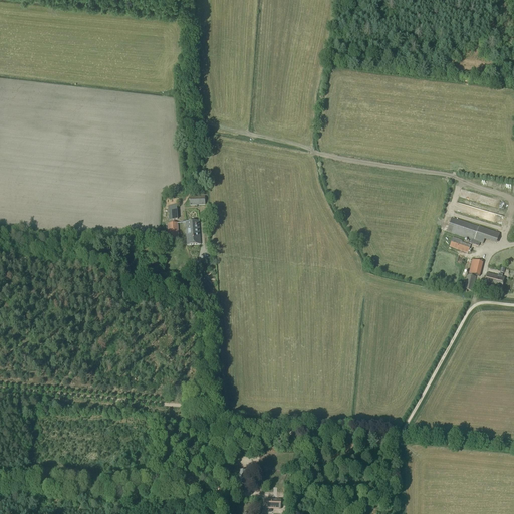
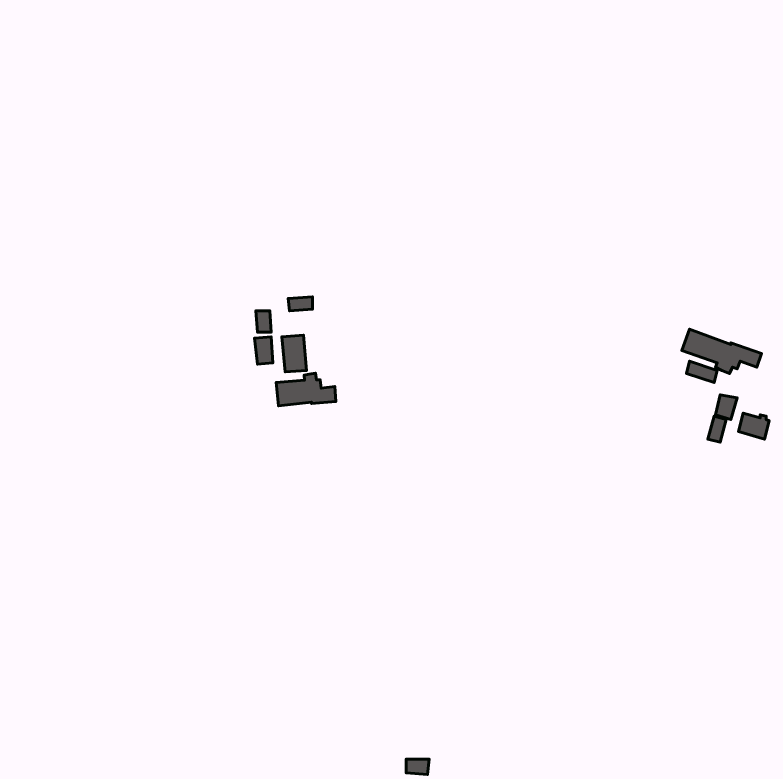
building: none -> [276,373,336,406]

